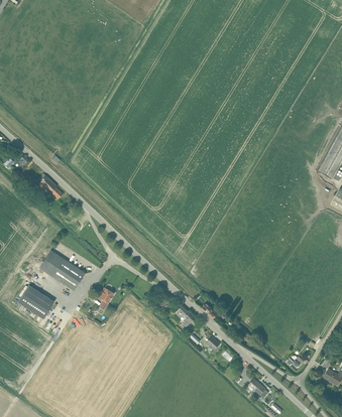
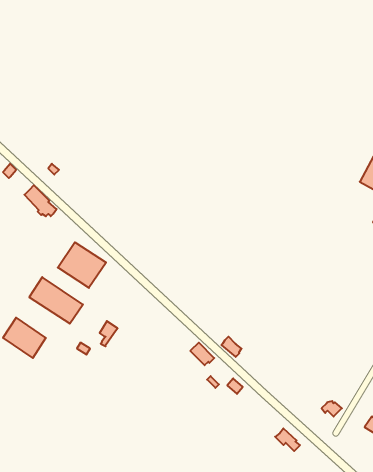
building: none -> [58,242,106,288]

